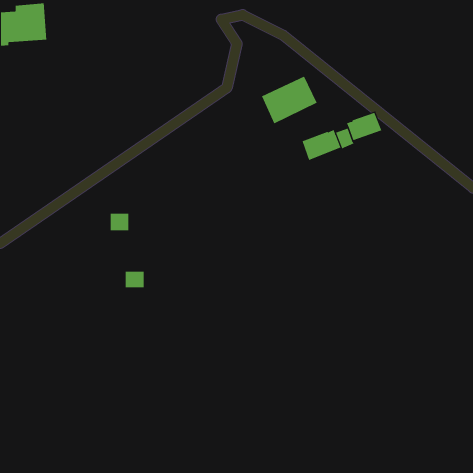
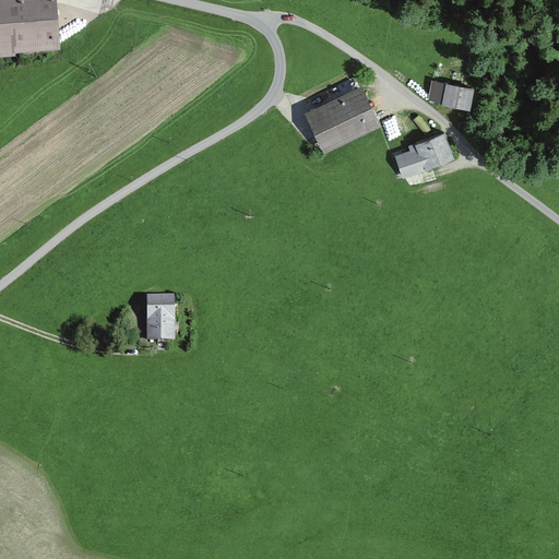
building: none -> [442,83,471,107]
building: [302,129,341,161] -> none
building: [110,213,129,231] -> [147,299,170,320]

